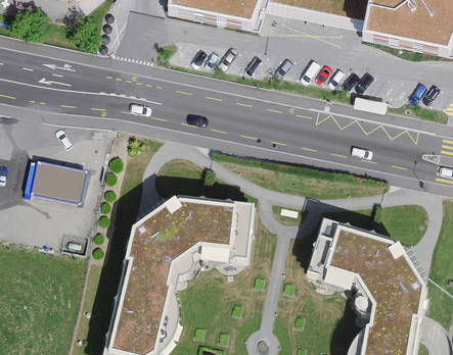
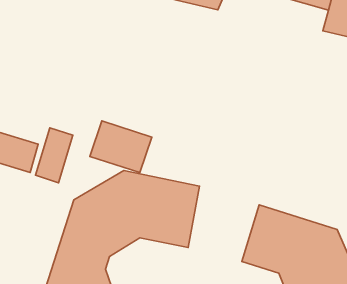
building: none -> [90,121,152,173]
building: none -> [35,128,73,183]

